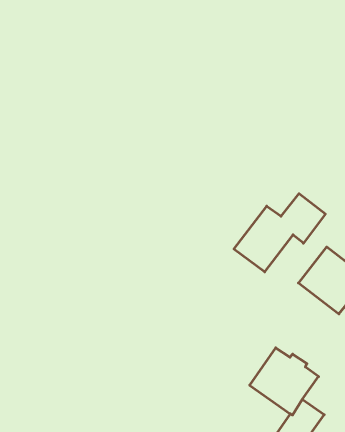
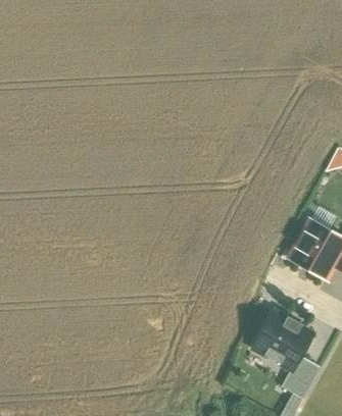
building: [234,194,325,272] -> none

